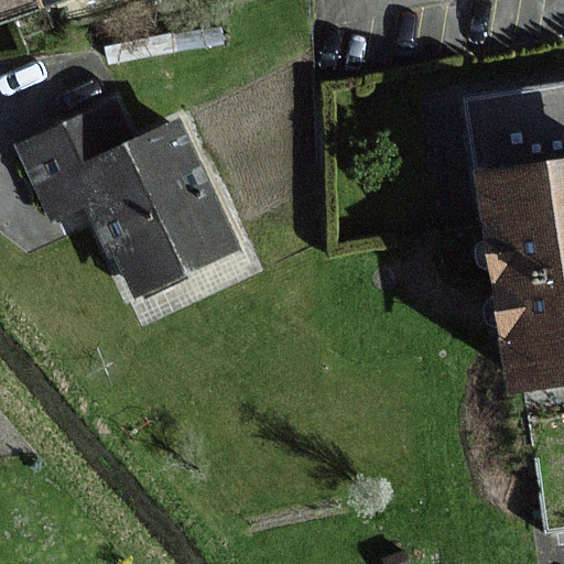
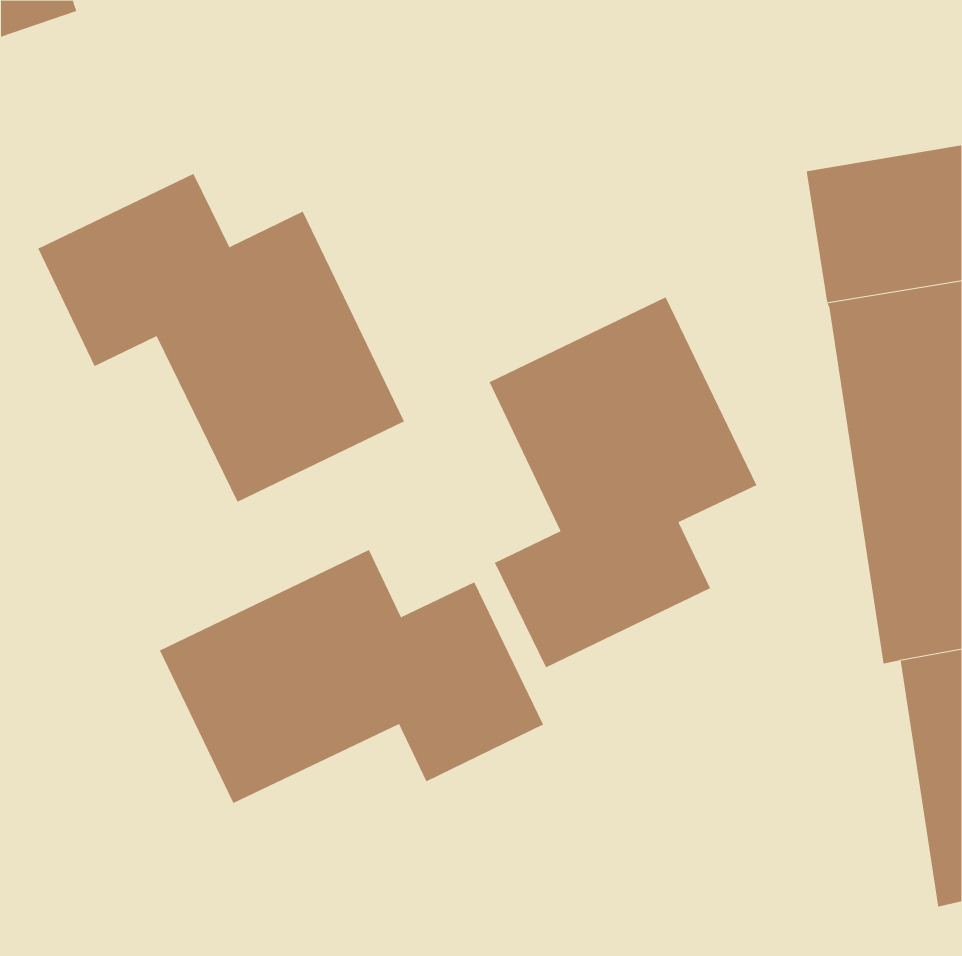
building: none -> [489,297,757,668]
building: none -> [159,549,544,804]

